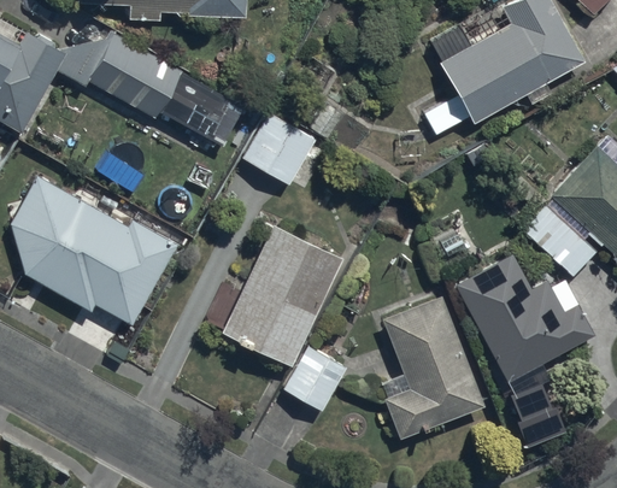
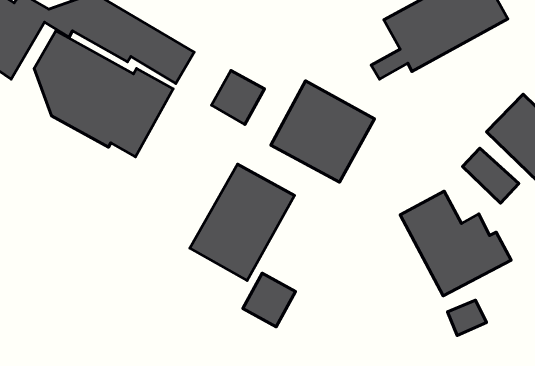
building: none -> [271,81,375,182]
building: [18,180,174,321] -> [34,31,173,157]
building: [382,296,478,431] -> none

